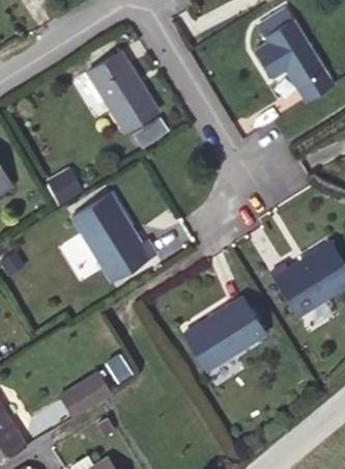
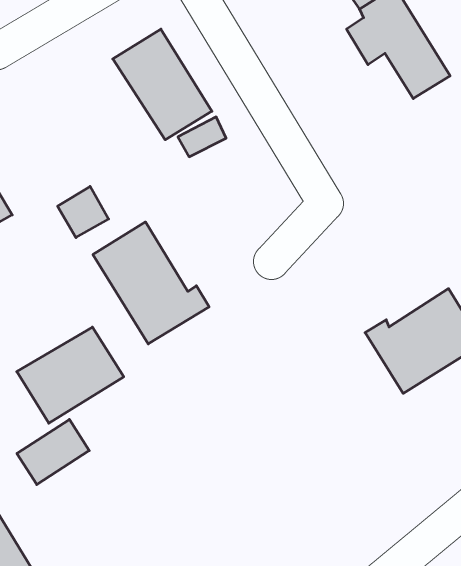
building: none -> [17,327,124,423]
building: [183,298,265,370] -> none
building: [59,371,112,419] -> [17,419,89,485]

